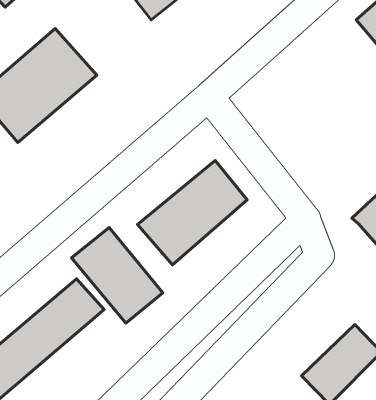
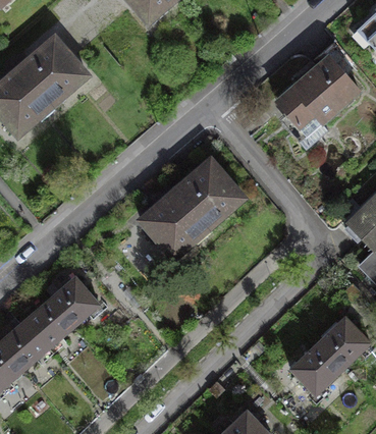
building: none -> [271,56,359,140]
building: [71,227,163,323] -> none

